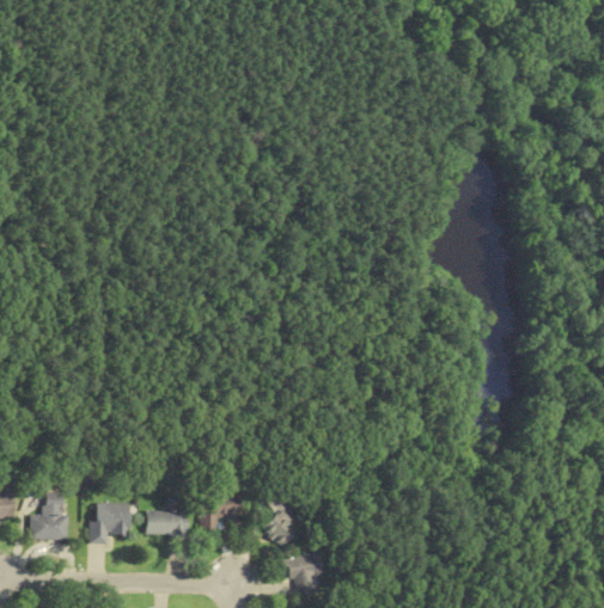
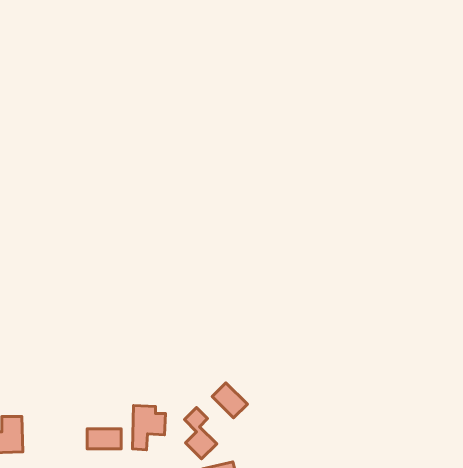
building: none -> [212,383,247,418]
building: [91,503,129,543] -> none

